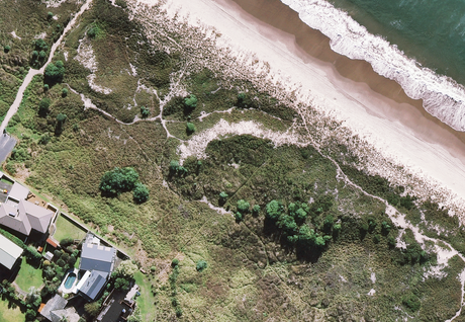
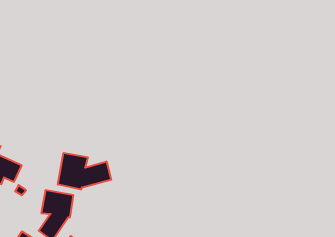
building: none -> [58,153,111,190]

